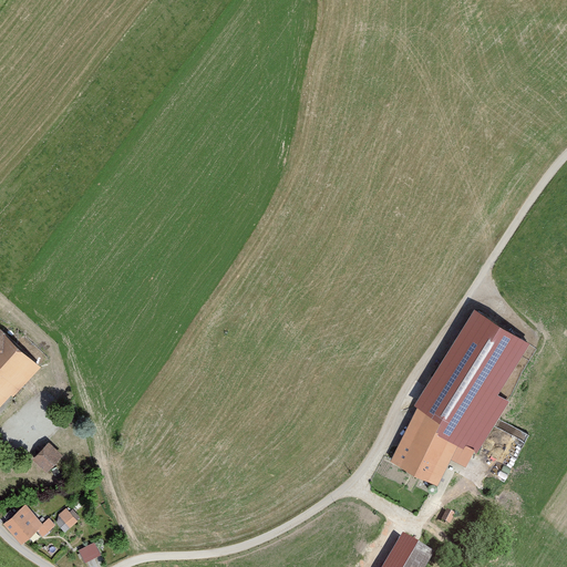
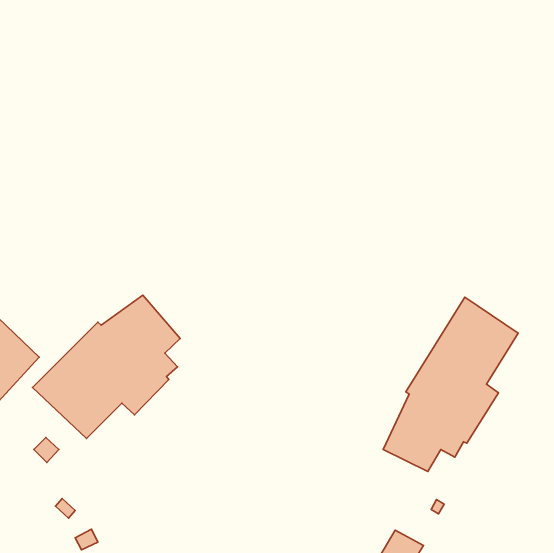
building: none -> [33,295,180,438]
building: [6,509,52,545] -> none

